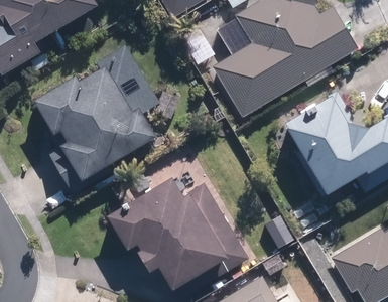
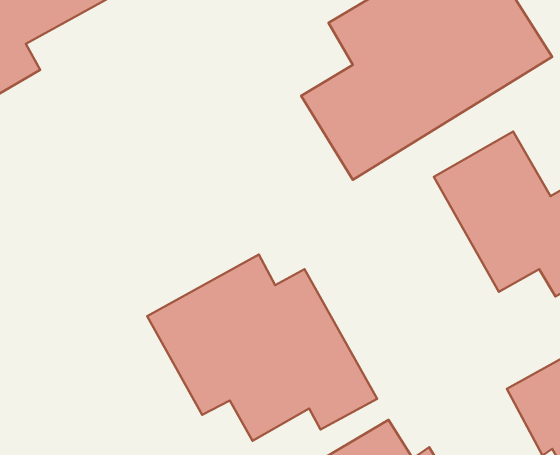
building: [43,63,154,187] -> none

